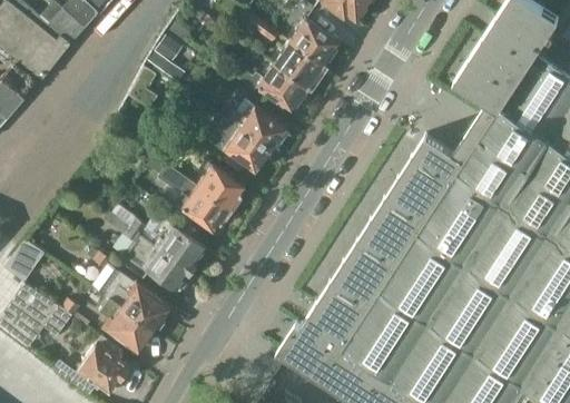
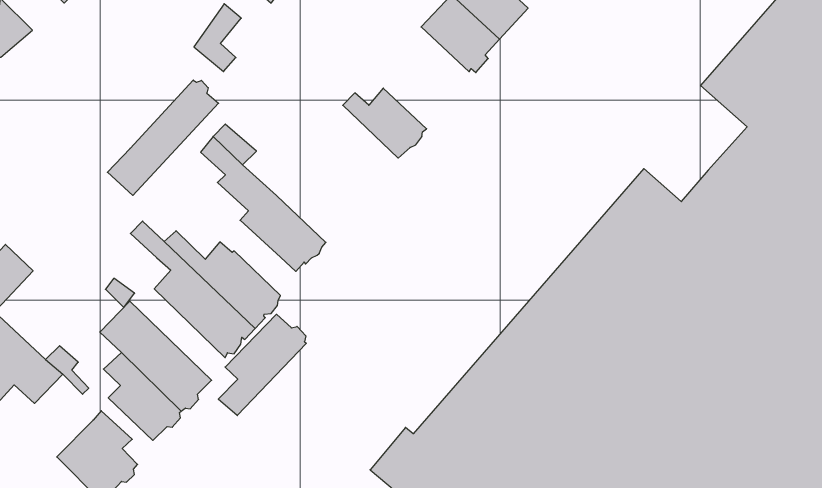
building: [240,63,307,110] -> none
building: none -> [107,80,219,195]
building: [210,118,269,171] -> none
building: [195,159,244,209] -> none
building: none -> [218,314,306,416]

